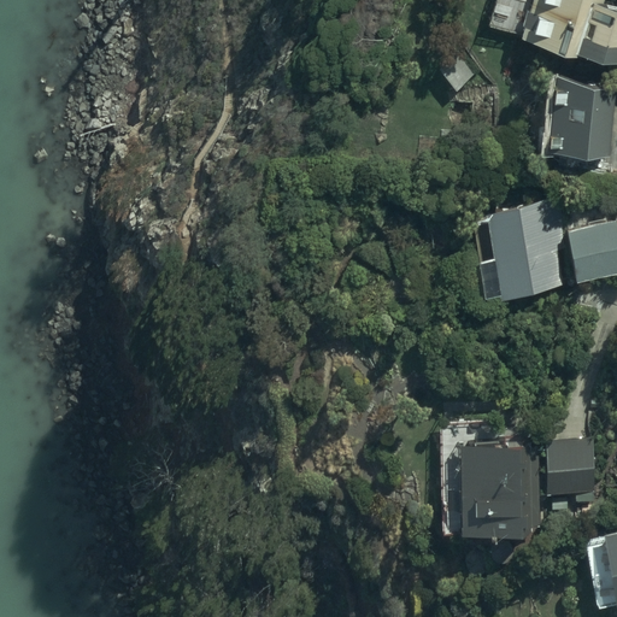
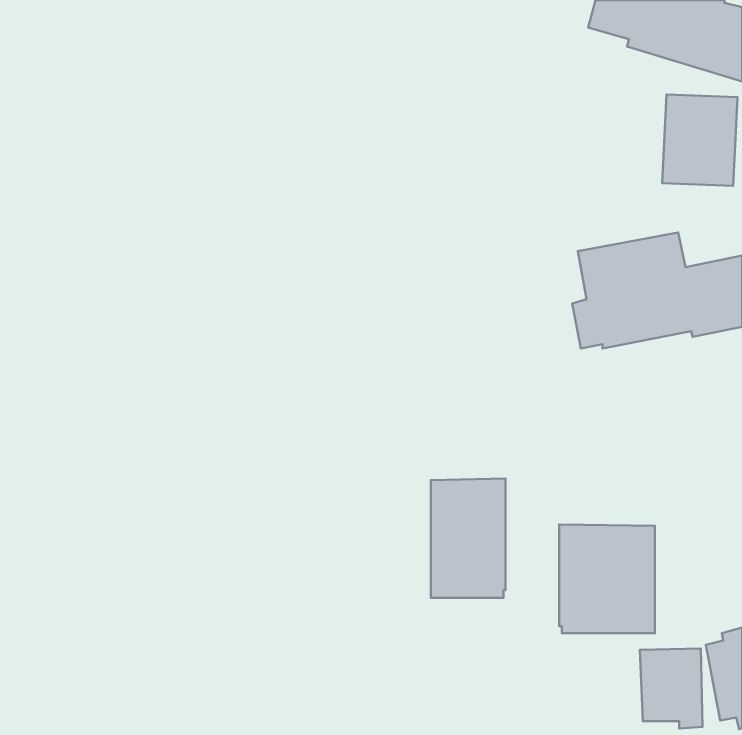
building: none -> [431,479,506,598]
building: [543,440,595,506] -> [640,648,702,728]

